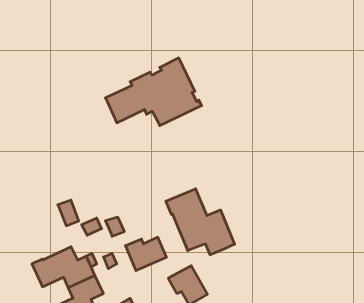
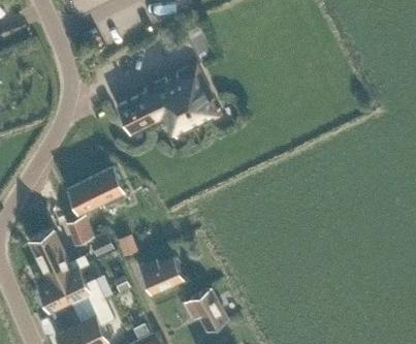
building: none -> [69,170,126,214]
building: [166,189,235,255] -> none
building: none -> [30,230,90,284]

